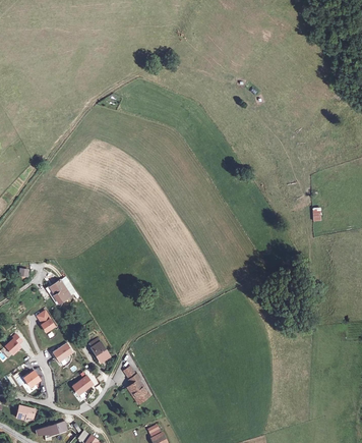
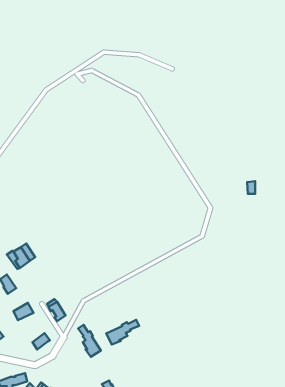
building: none -> [106,320,139,345]

